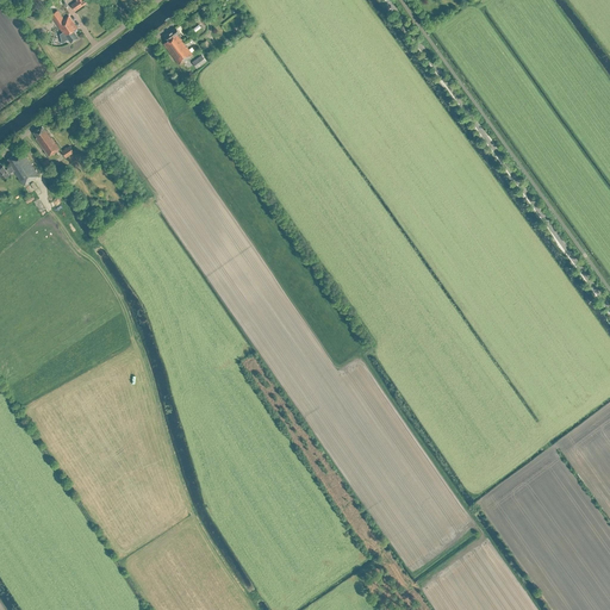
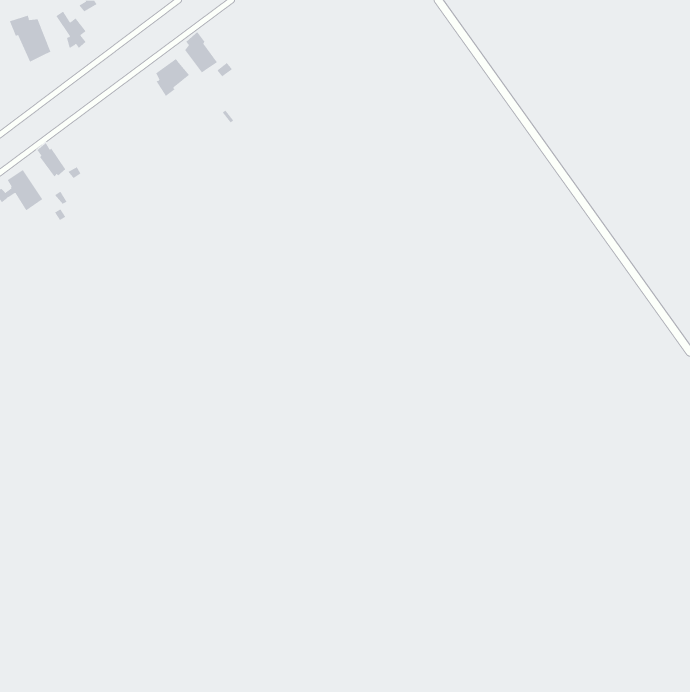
building: none -> [9,15,51,63]
building: none -> [156,58,190,97]

